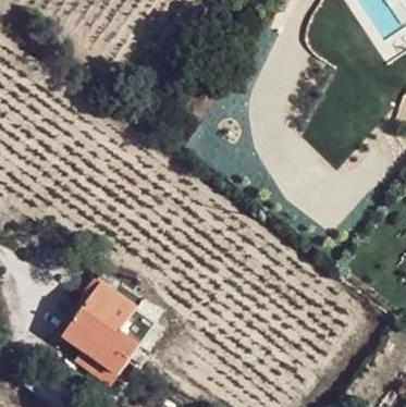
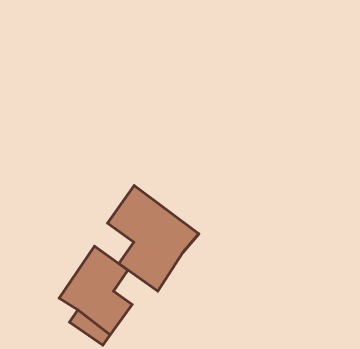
building: none -> [107,186,199,291]

